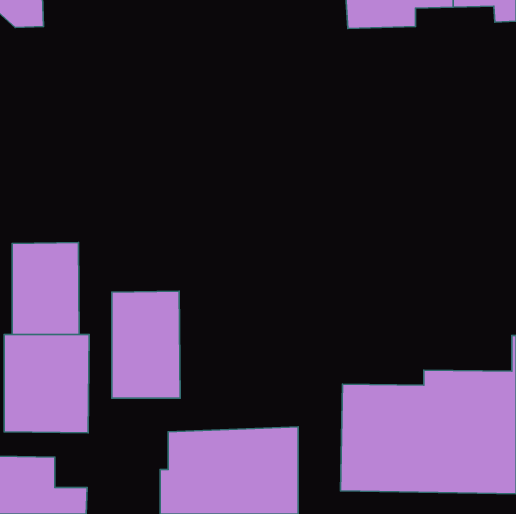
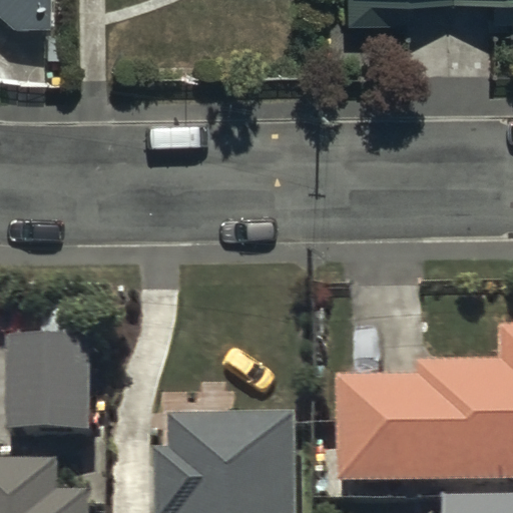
building: [12,243,79,334] -> none
building: [112,291,180,398] -> none

